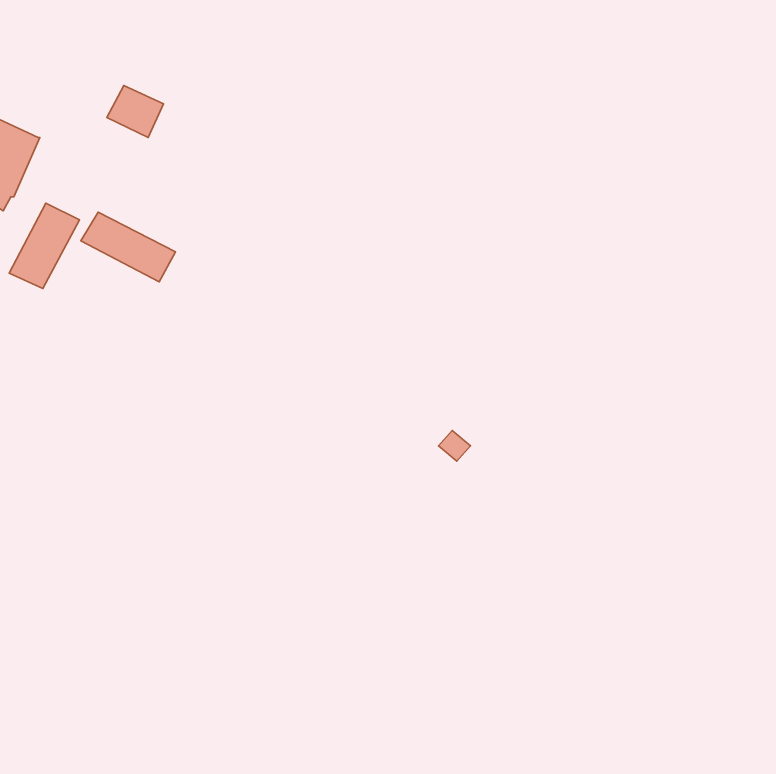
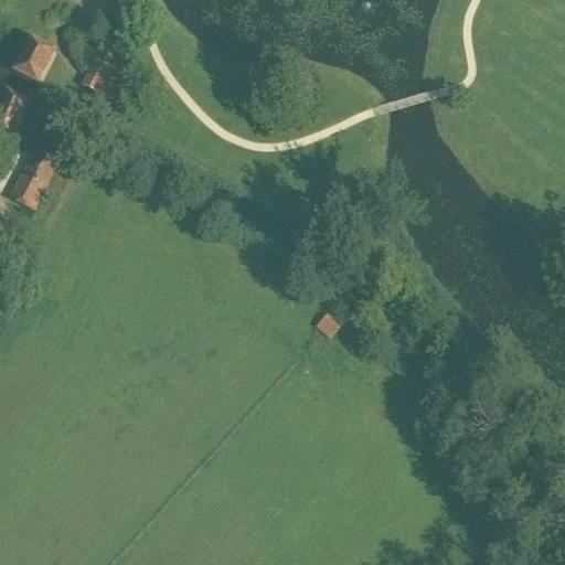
building: none -> [9,33,54,84]
building: [81,212,176,282] -> none

